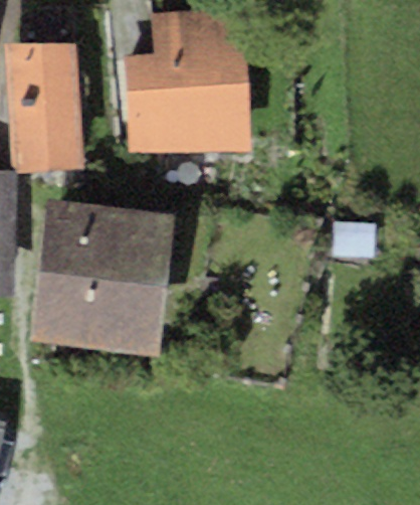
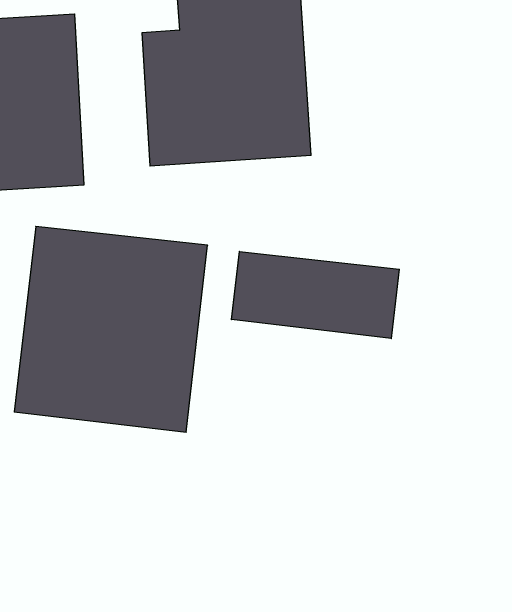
building: none -> [231,251,399,339]

